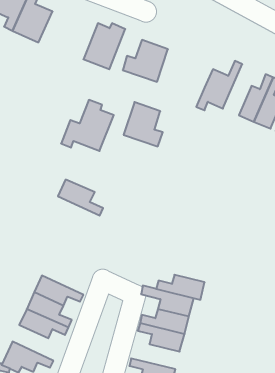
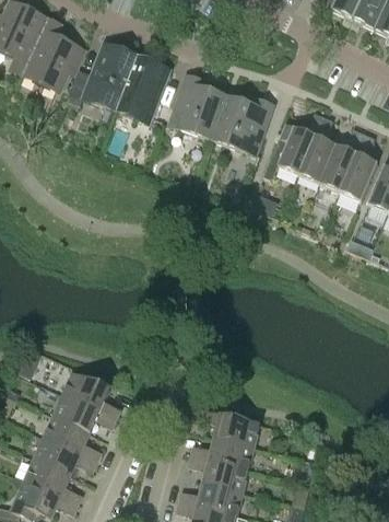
building: none -> [299,115,337,182]
building: [61,100,114,151] -> [67,42,135,108]
building: [124,102,163,146] -> [213,95,264,153]
building: [58,180,103,216] -> [62,370,121,417]
building: [156,275,205,300] -> [179,482,243,514]
building: none -> [24,456,82,503]

